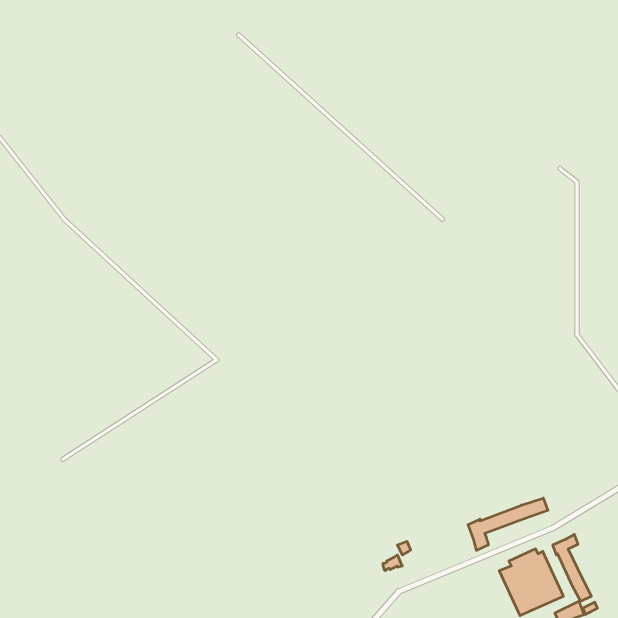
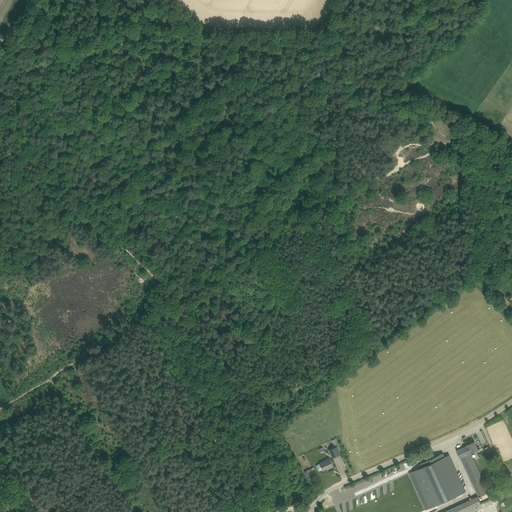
building: [468,498,548,550] -> none

